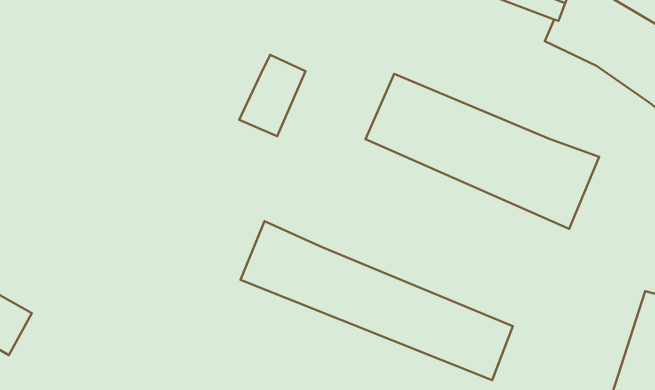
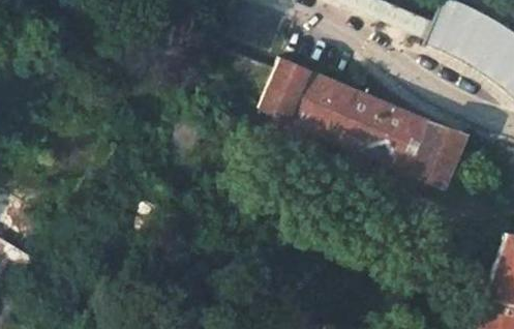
building: [239,55,306,136] -> [263,59,313,121]
building: [240,221,513,380] -> none

